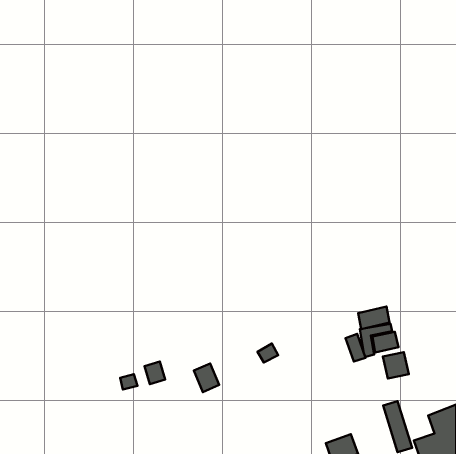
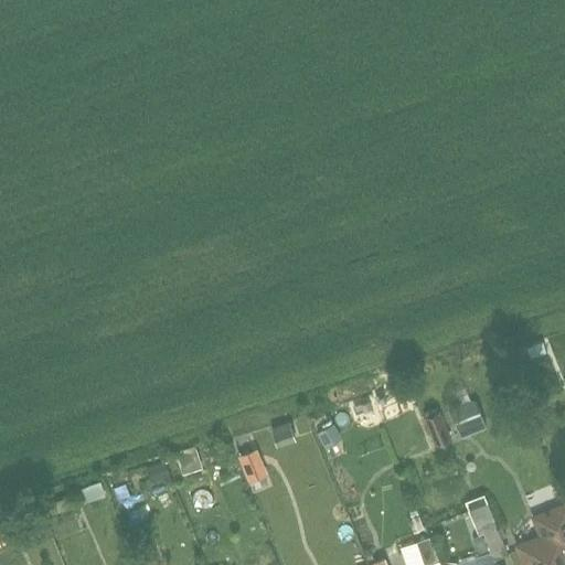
building: [358,307,390,329] -> none
building: [383,352,409,379] -> none

